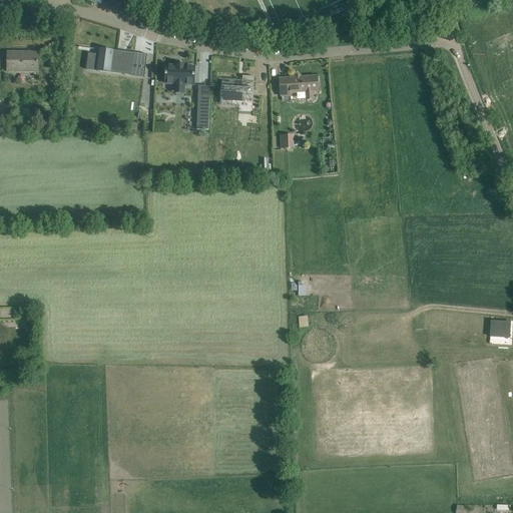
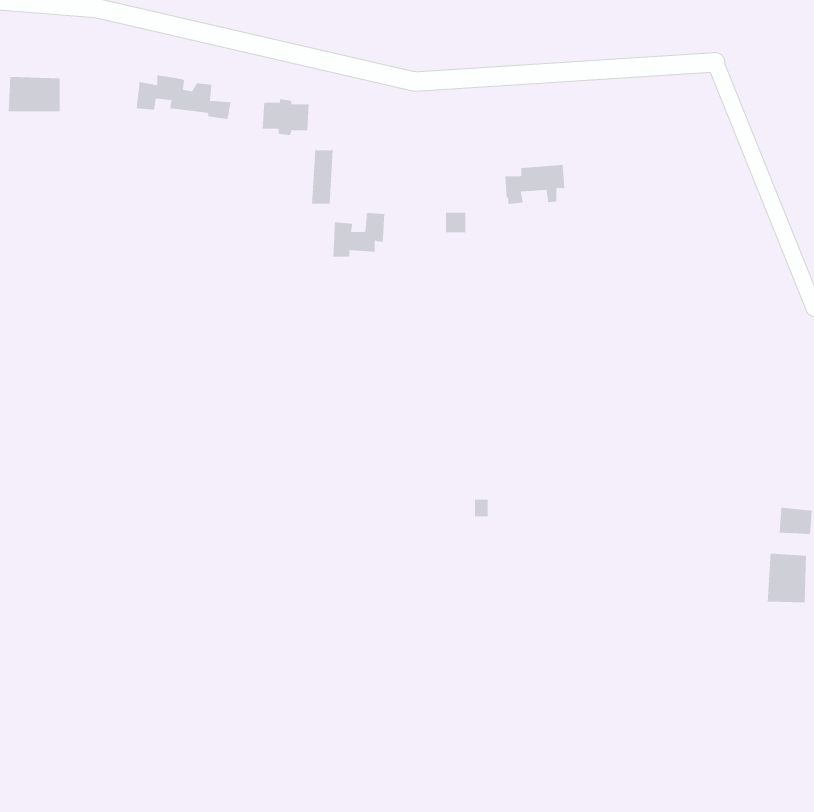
building: [220,74,253,102] -> [333,212,385,257]
building: [279,74,317,99] -> [504,165,565,205]
building: none -> [767,553,806,603]

